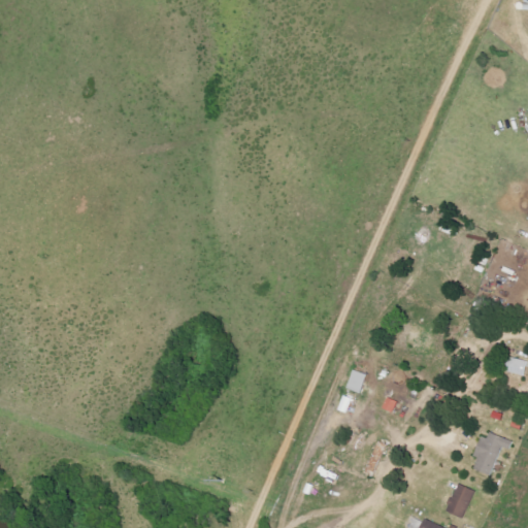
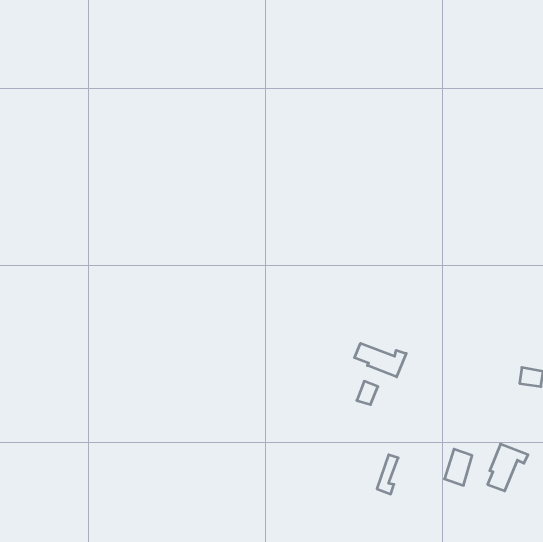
building: none -> [354,343,406,377]
building: [447,483,473,518] -> [444,449,472,485]

